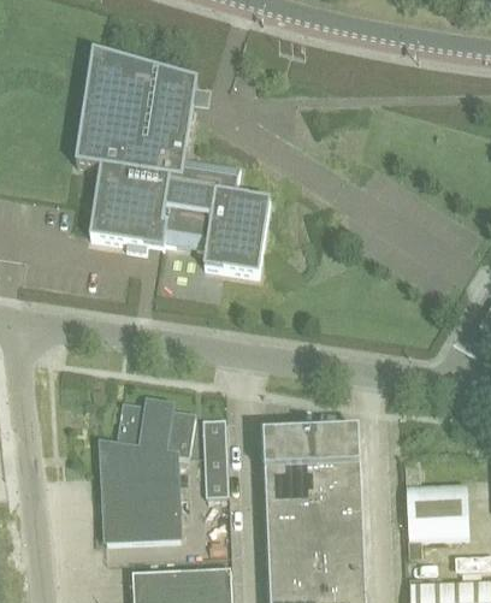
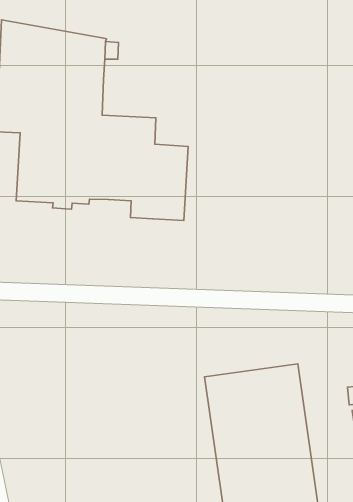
building: [102,402,195,543] -> none
building: [202,419,227,497] -> none

